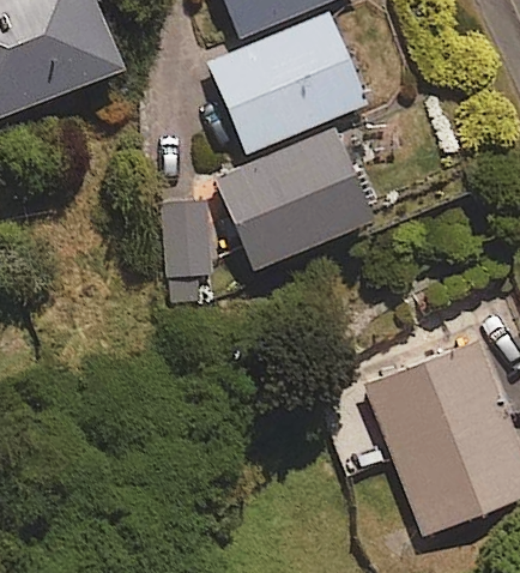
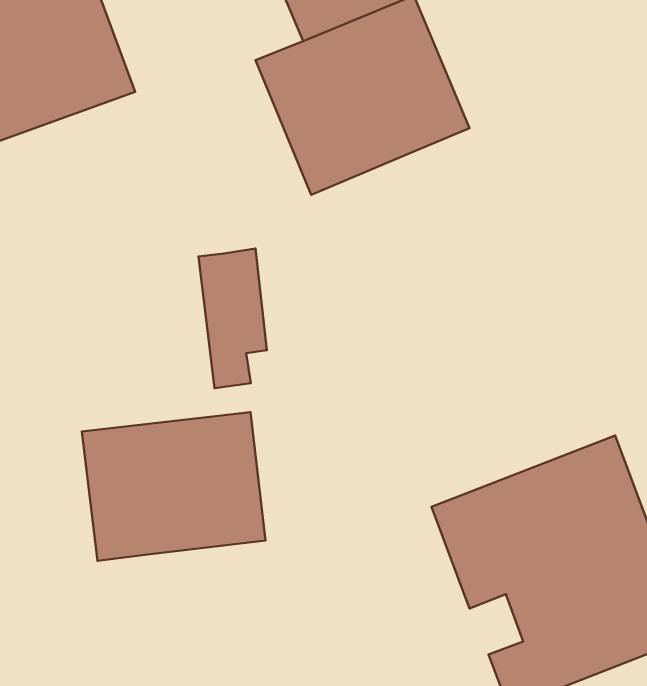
building: [211,120,375,275] -> none
building: none -> [82,412,265,561]

